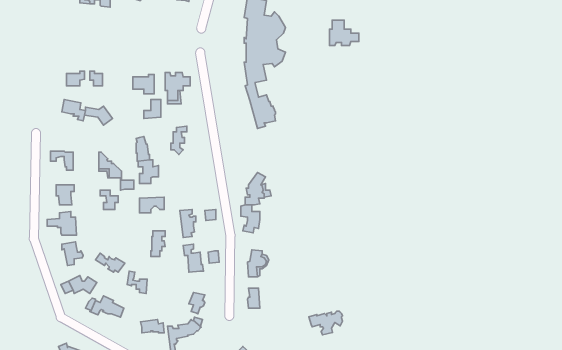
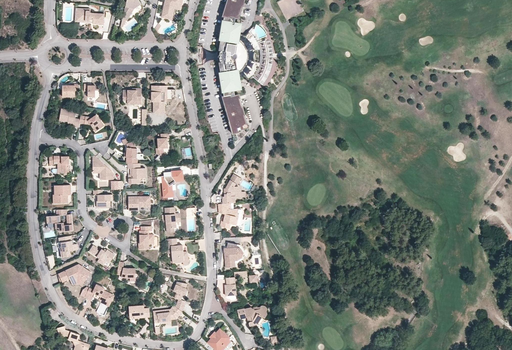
building: [330,20,359,46] -> none
building: none -> [161,170,183,197]
building: [309,311,343,335] -> [237,305,267,326]

